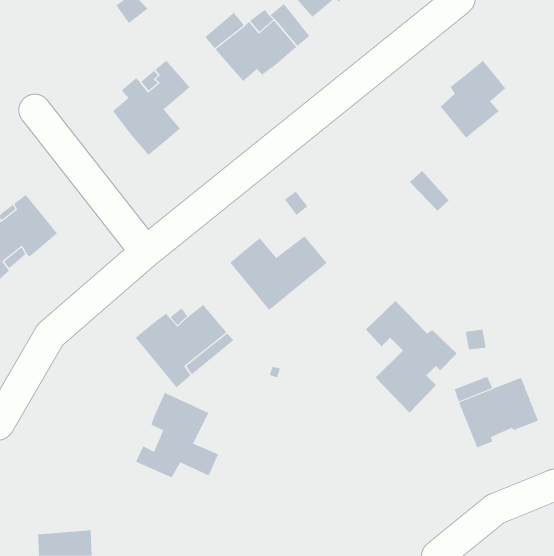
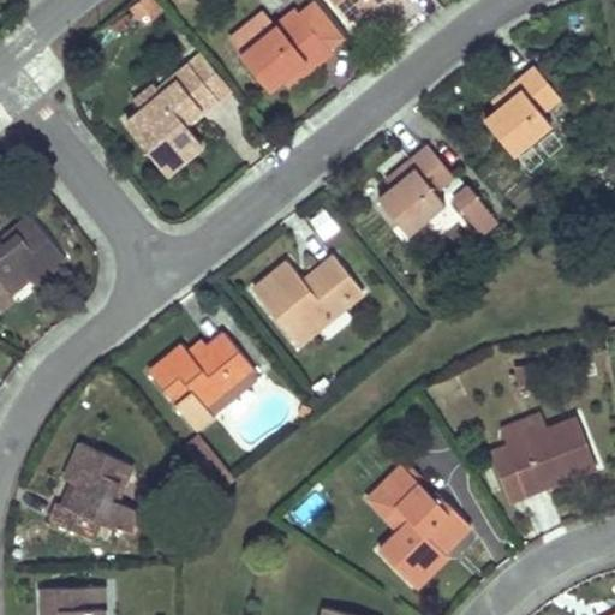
building: none -> [377,145,454,233]
building: [365,300,458,414] -> [368,465,470,590]
building: [135,392,219,478] -> [49,443,142,538]

